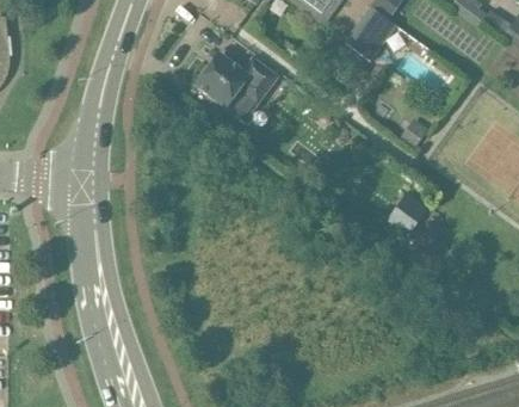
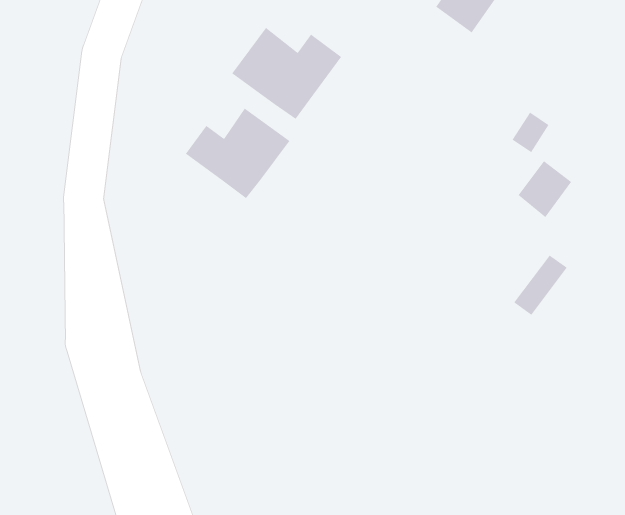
building: none -> [185,108,290,199]
building: [387,192,426,234] -> [517,160,572,218]

